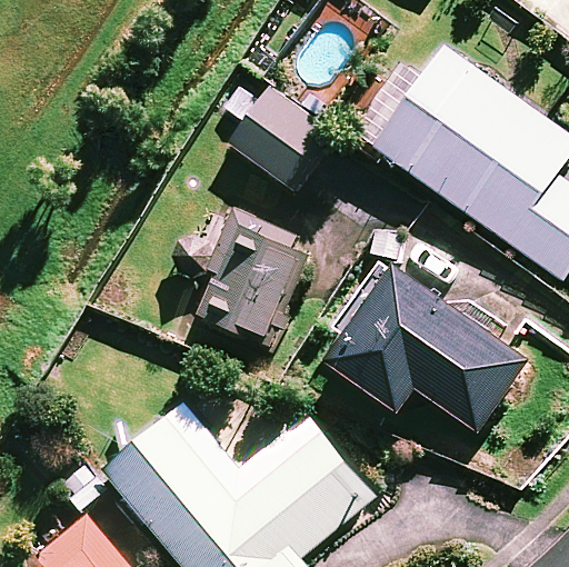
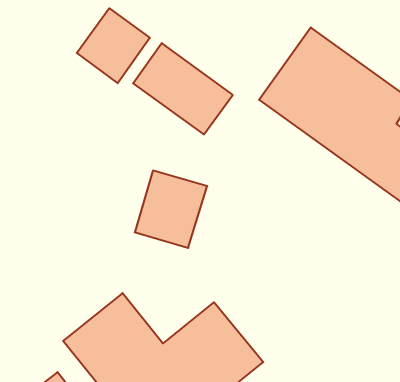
building: none -> [77,8,150,83]
building: [321,256,528,427] -> none

